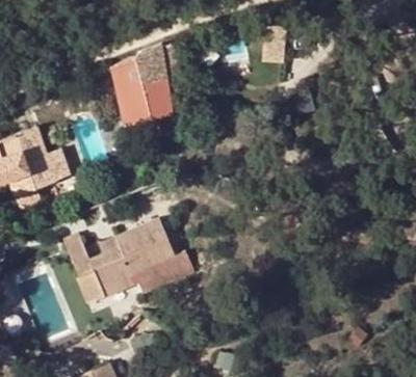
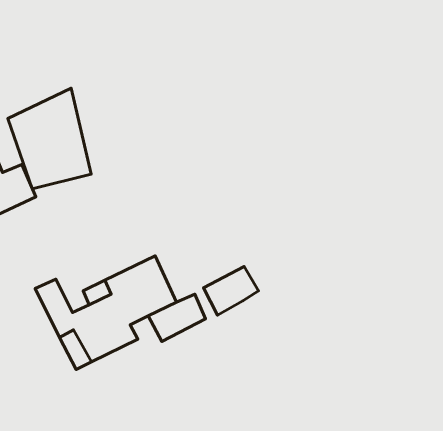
building: [109,46,172,123] -> [8,88,91,189]
building: none -> [203,267,259,315]

